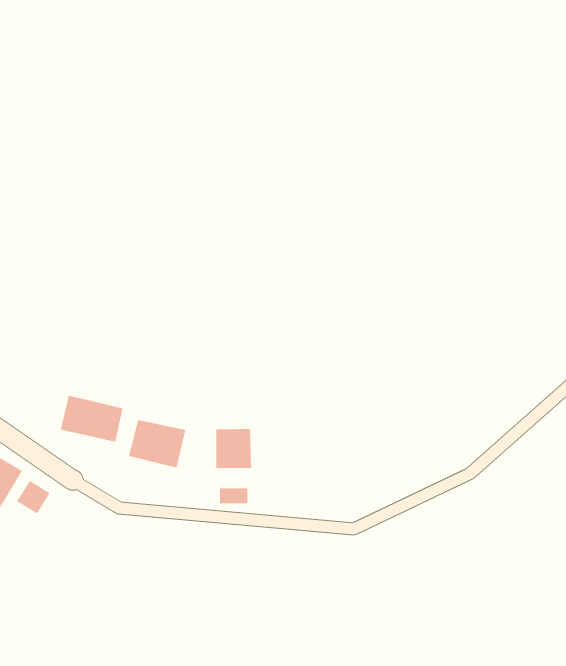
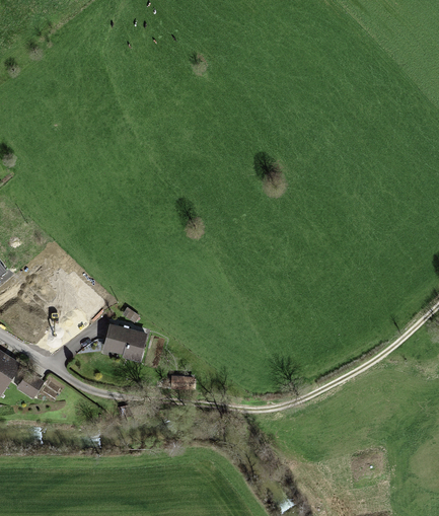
building: [60,395,123,443] -> none
building: [216,428,252,469] -> none

